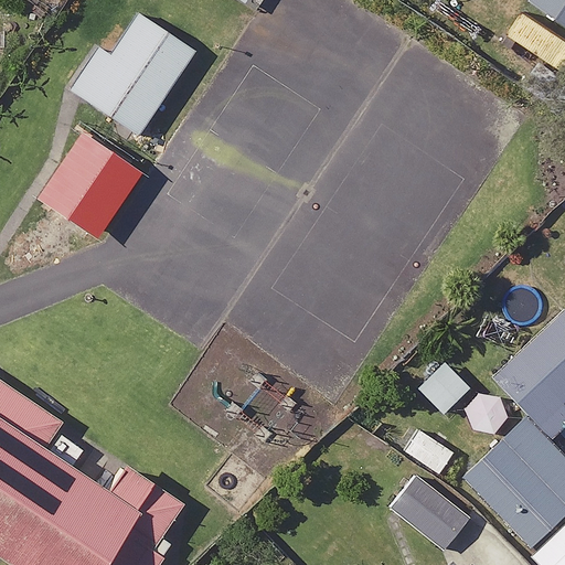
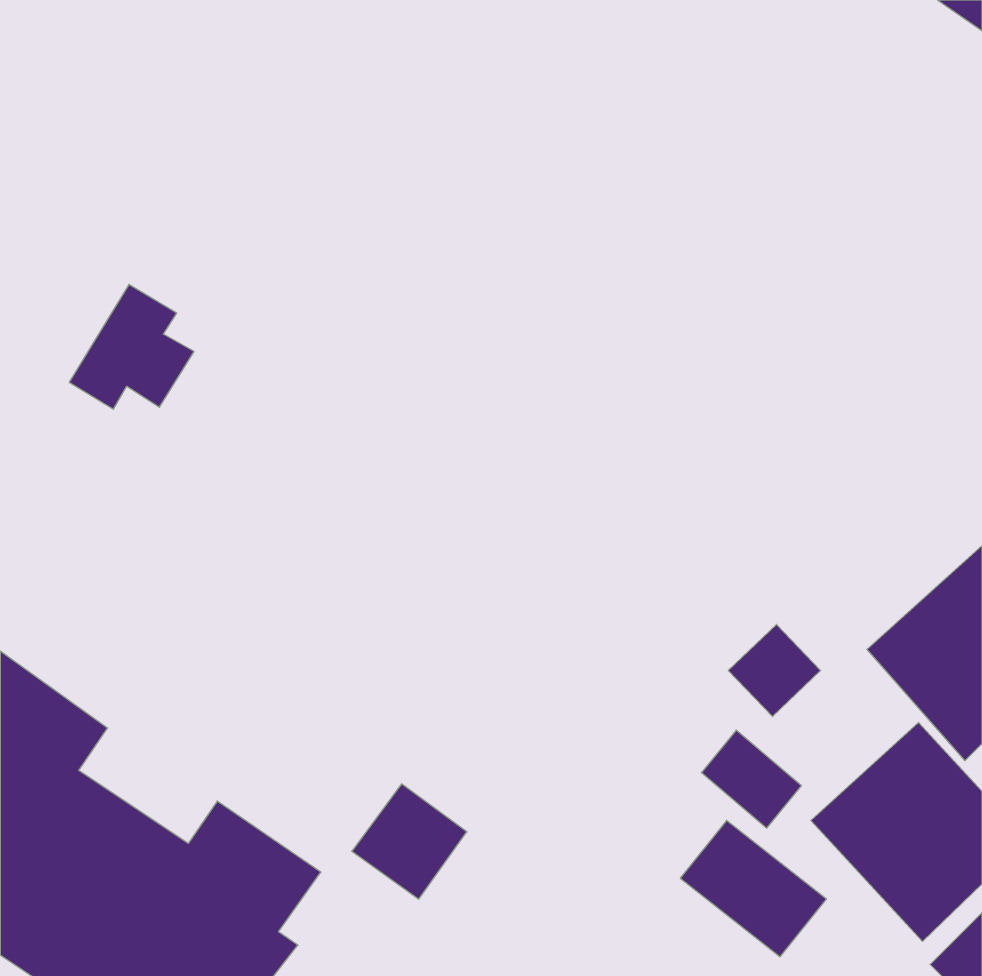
building: [72,13,195,135] -> none

